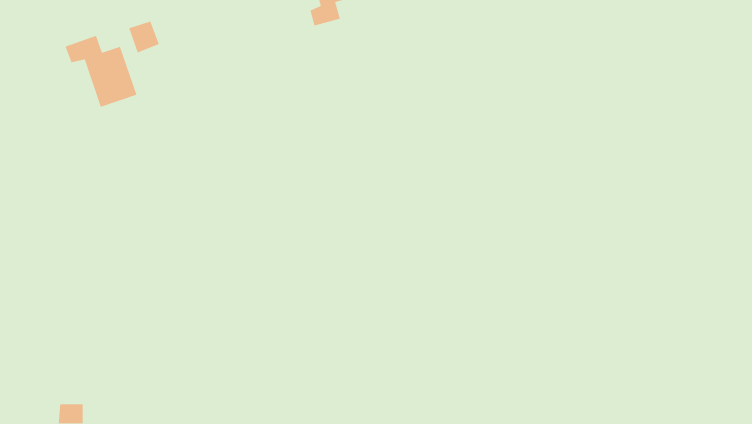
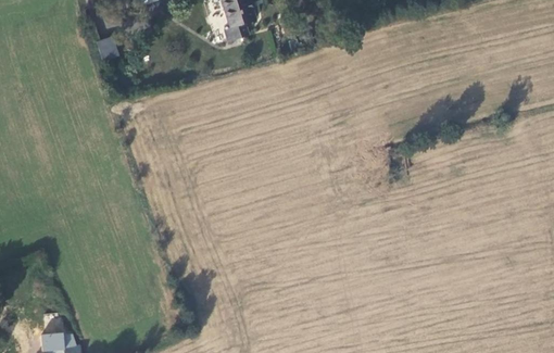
building: [65,35,138,108] -> none

